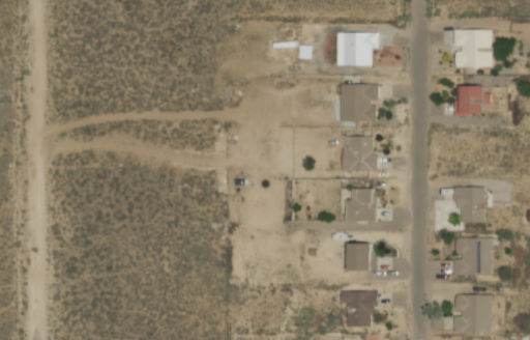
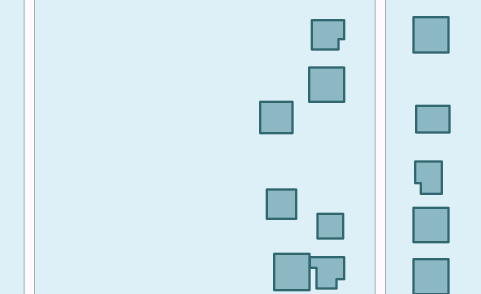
building: [453,86,490,115] -> [416,106,449,132]
building: [343,137,378,171] -> [260,102,292,133]
building: [346,190,378,222] -> [267,190,296,219]
building: none -> [274,254,310,290]

